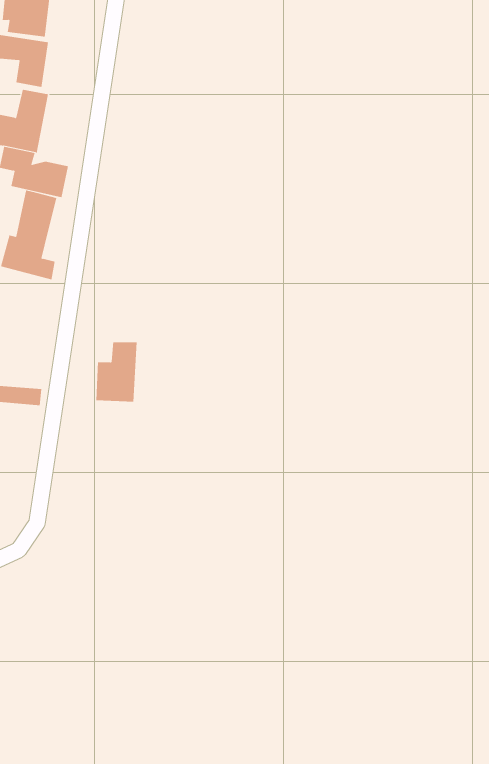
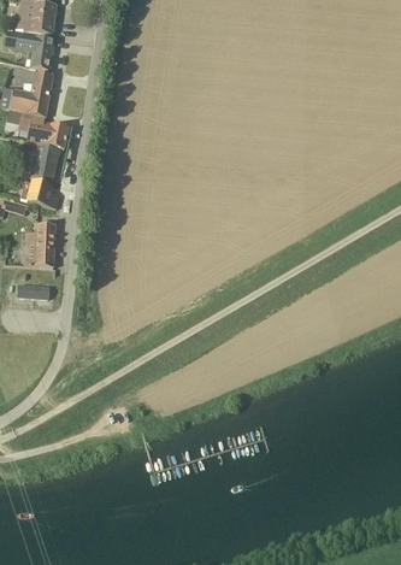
building: [96,342,137,402] -> [25,223,55,266]

